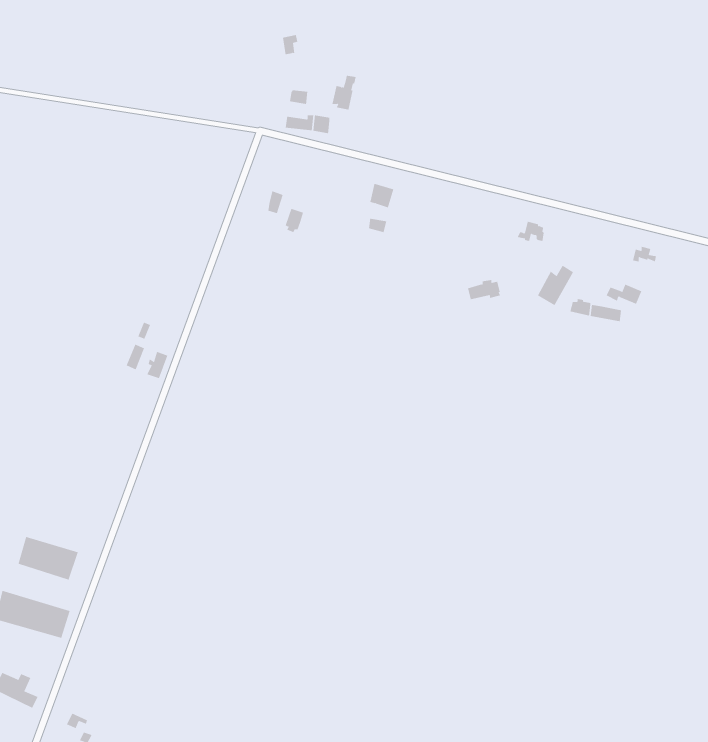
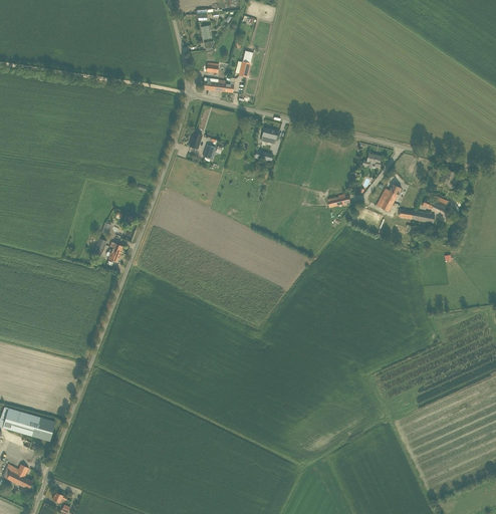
building: [18,536,79,581] -> none

